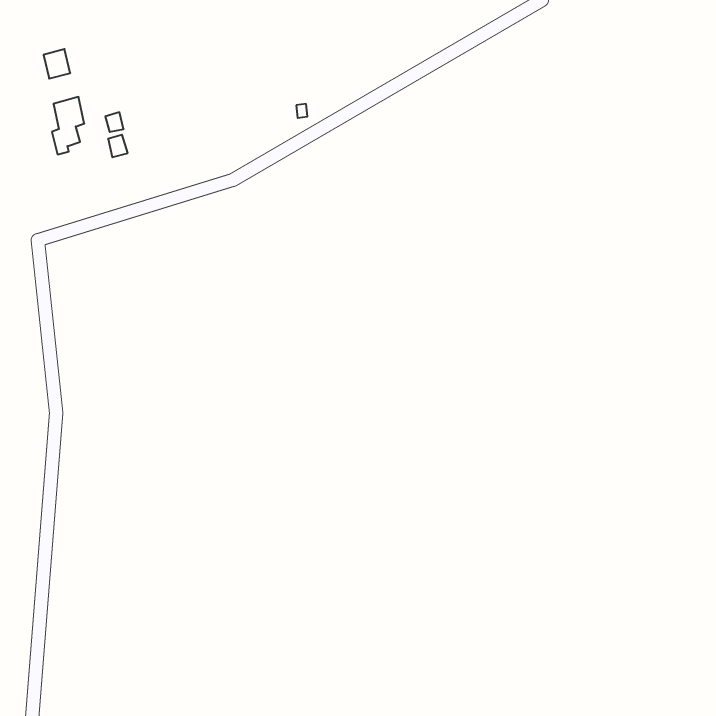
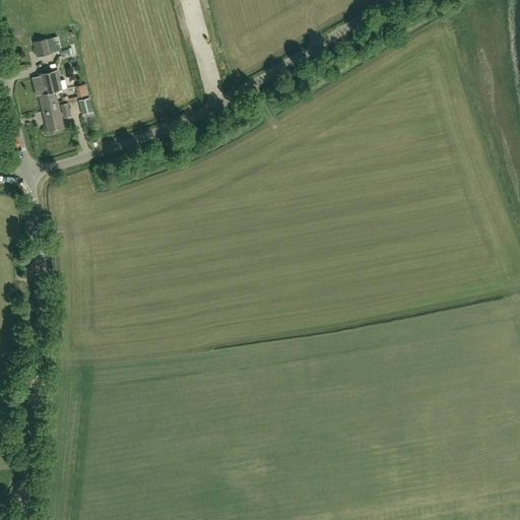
building: none -> [42,104,70,133]

